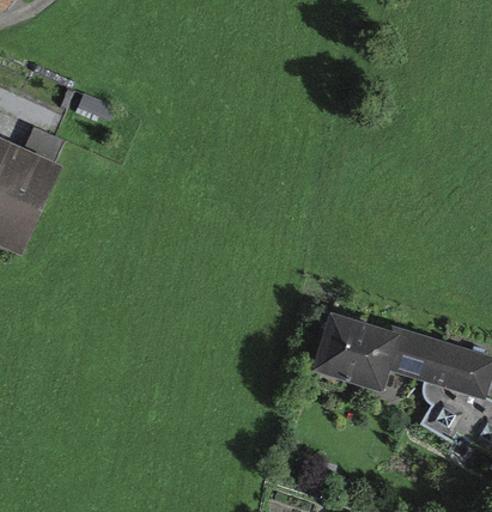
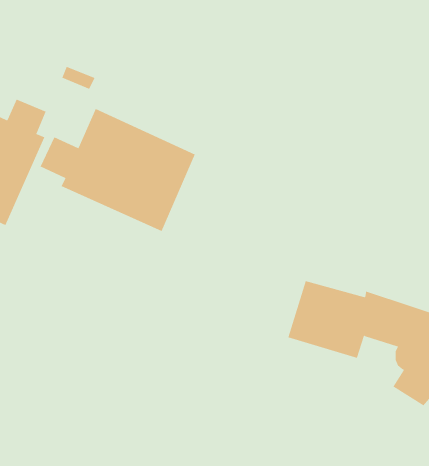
building: none -> [40,108,195,232]

